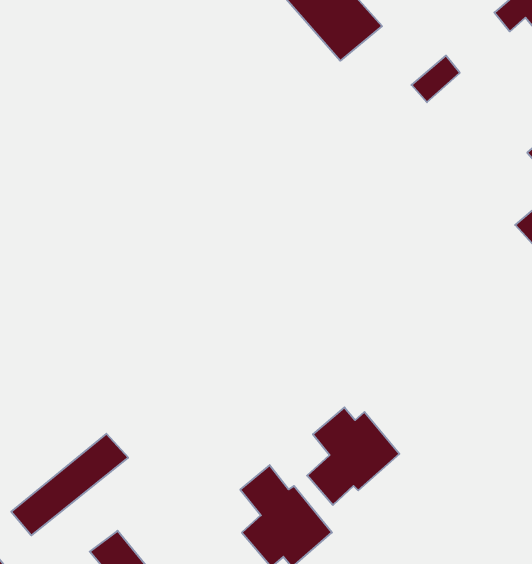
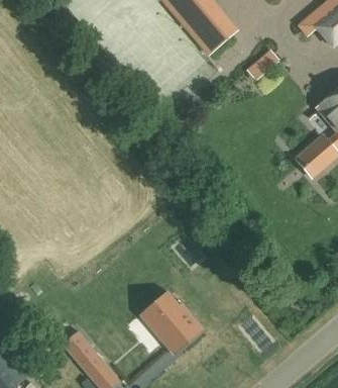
building: [307,407,399,505] -> none
building: [11,434,128,535] -> none

